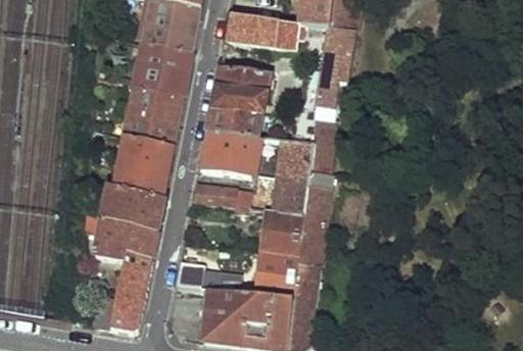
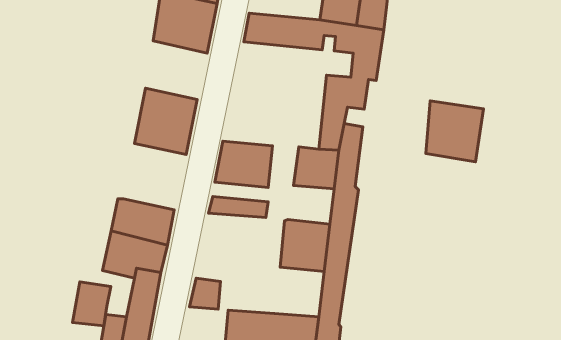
building: [135,39,192,93] -> none
building: [206,63,271,136] -> none
building: none -> [426,101,484,162]
building: [114,134,173,195] -> none
building: [267,172,310,208] -> none
building: [254,248,300,294] -> none
building: none -> [72,282,111,326]

